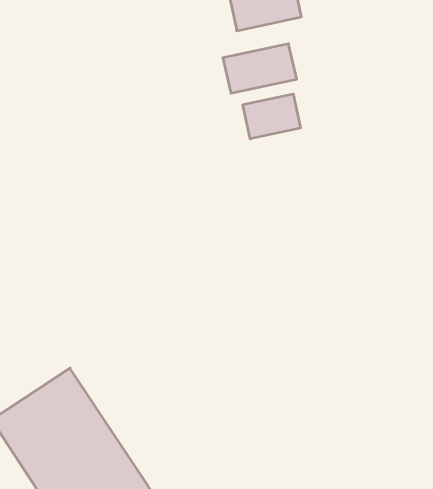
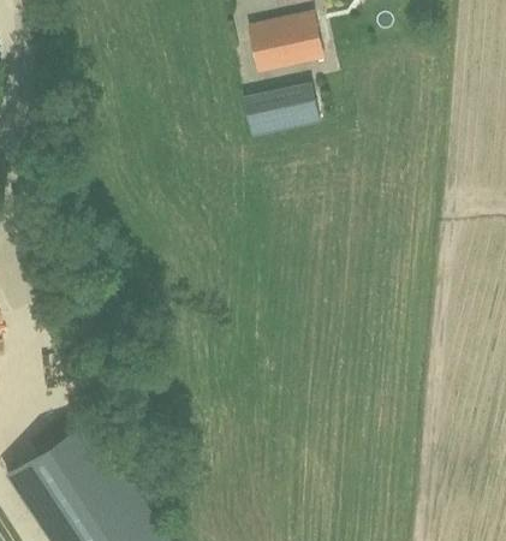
building: [243,94,300,139] -> none

